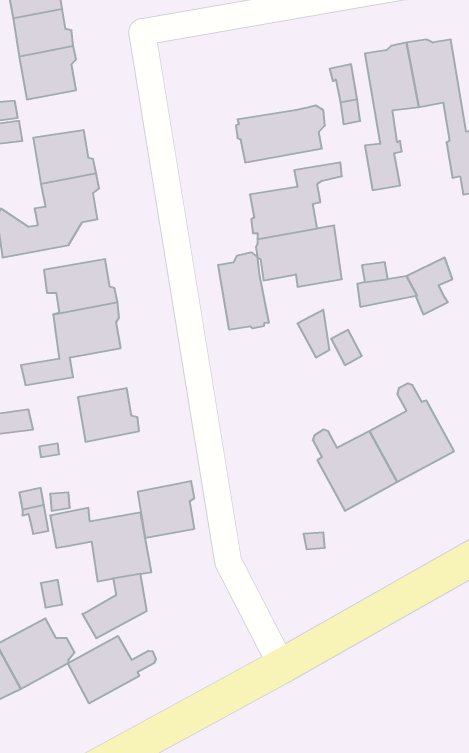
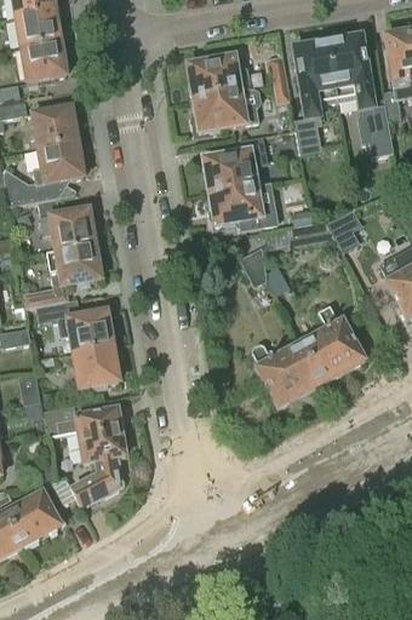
building: none -> [187,53,250,97]
building: [218,252,269,330] -> none
building: [138,481,194,538] -> [73,343,118,388]
building: [68,636,156,703] -> none

